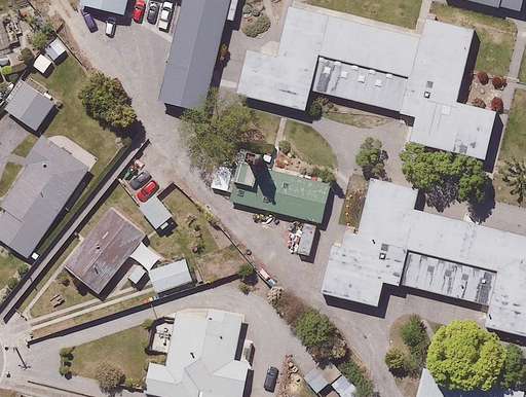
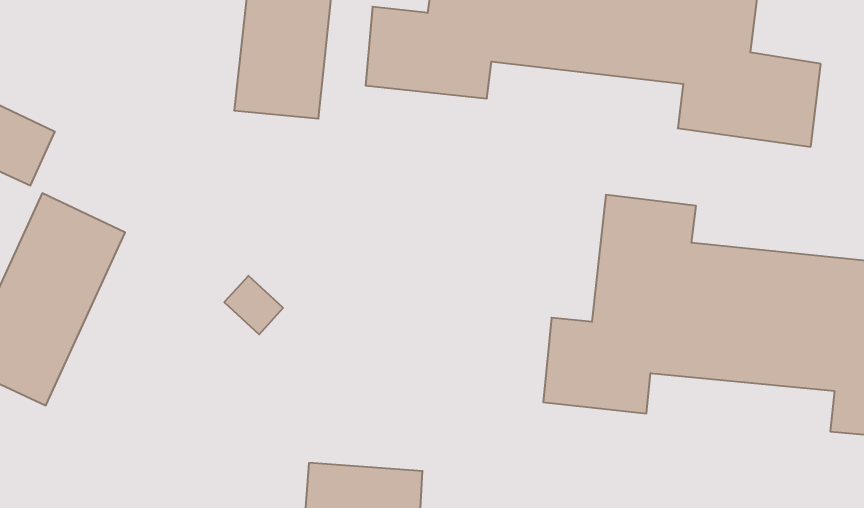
building: [211,148,331,224] -> none
building: [60,198,150,294] -> none
building: [150,260,192,293] -> none

